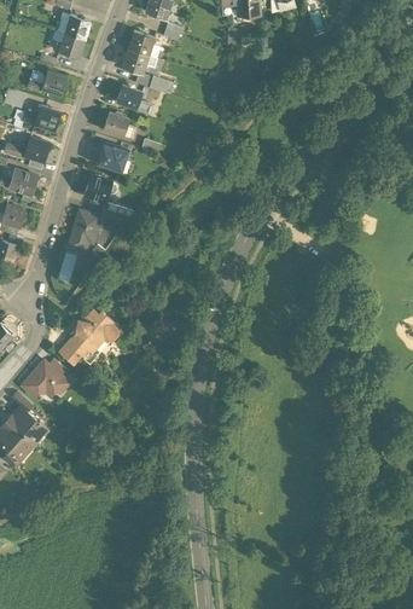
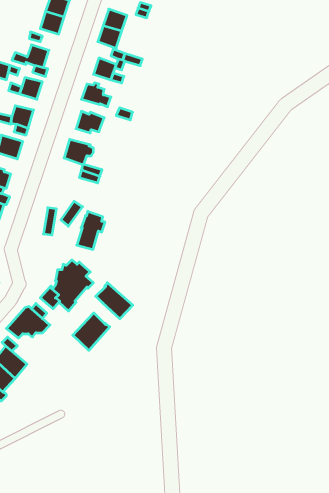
building: [69,210,100,253] -> [77,211,105,249]
building: none -> [96,283,133,319]
building: none -> [73,313,110,350]

